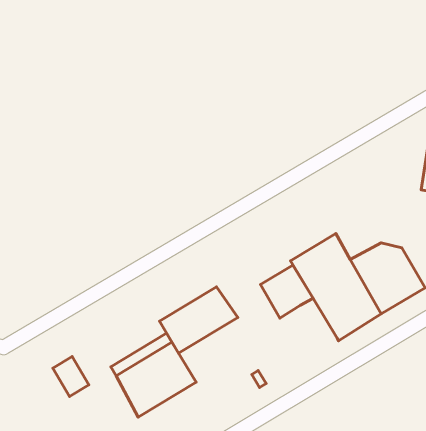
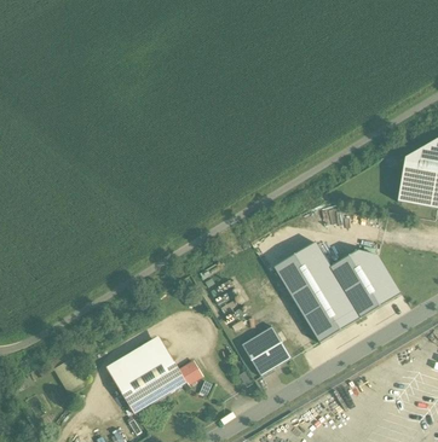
building: [260,265,313,318] -> [242,325,292,374]
building: [159,287,238,353] -> none

